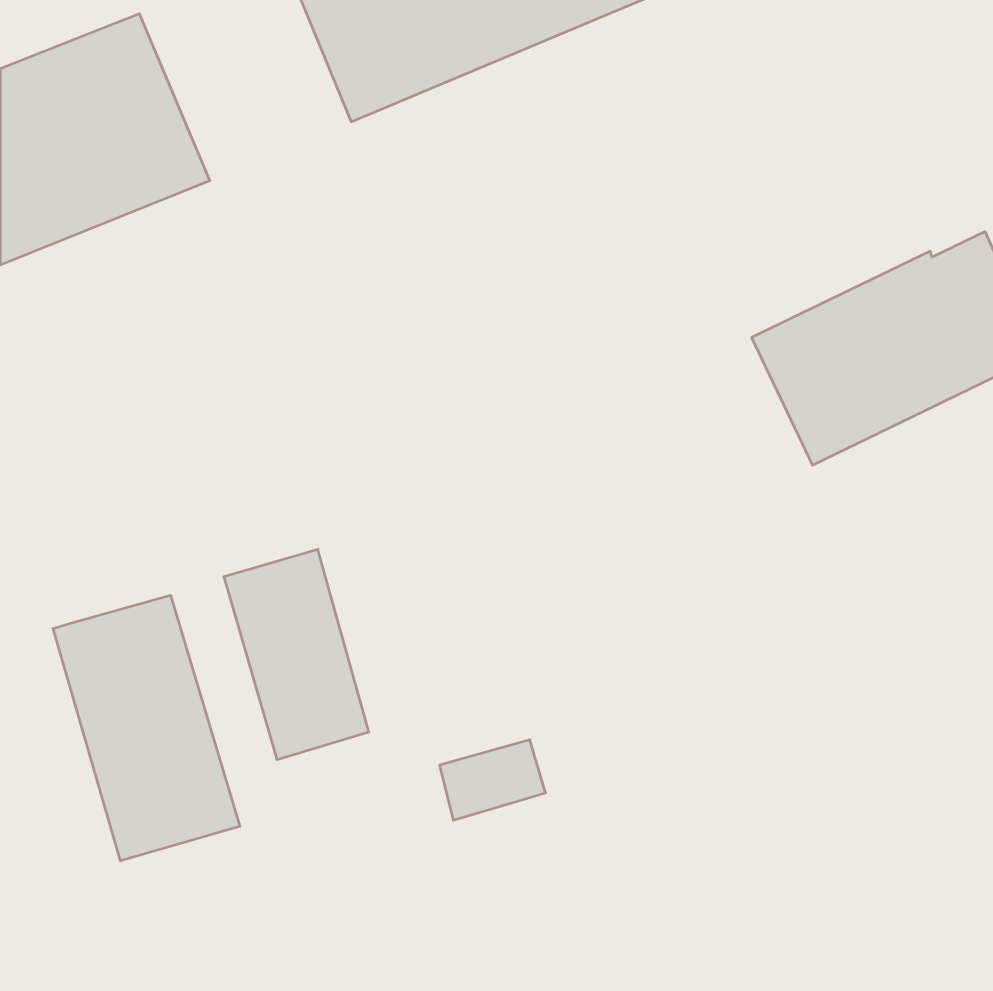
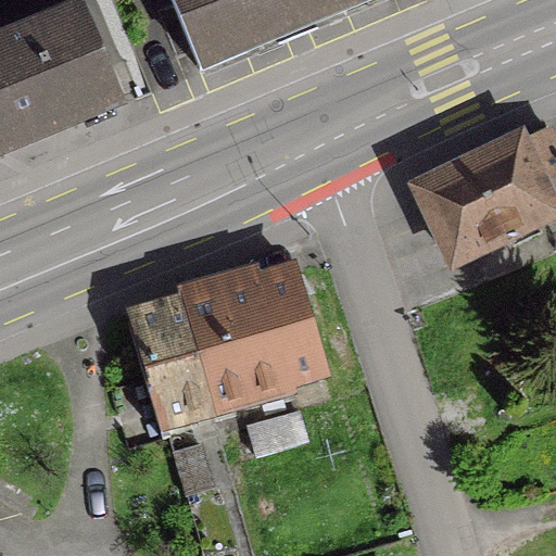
building: none -> [181,271,324,405]
building: [53,595,240,861] -> none

